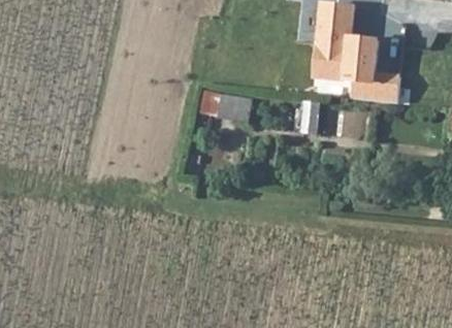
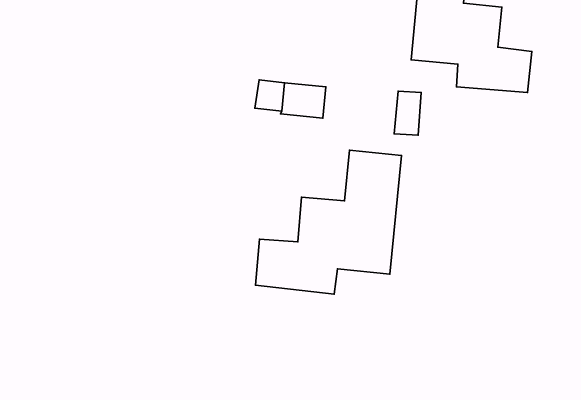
building: none -> [255,150,402,294]

